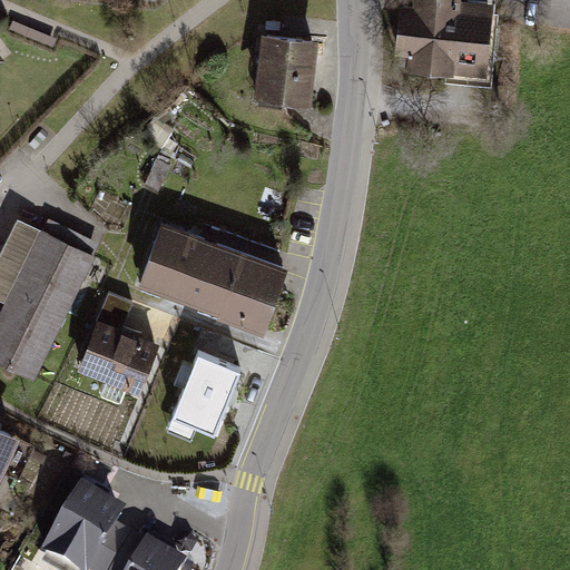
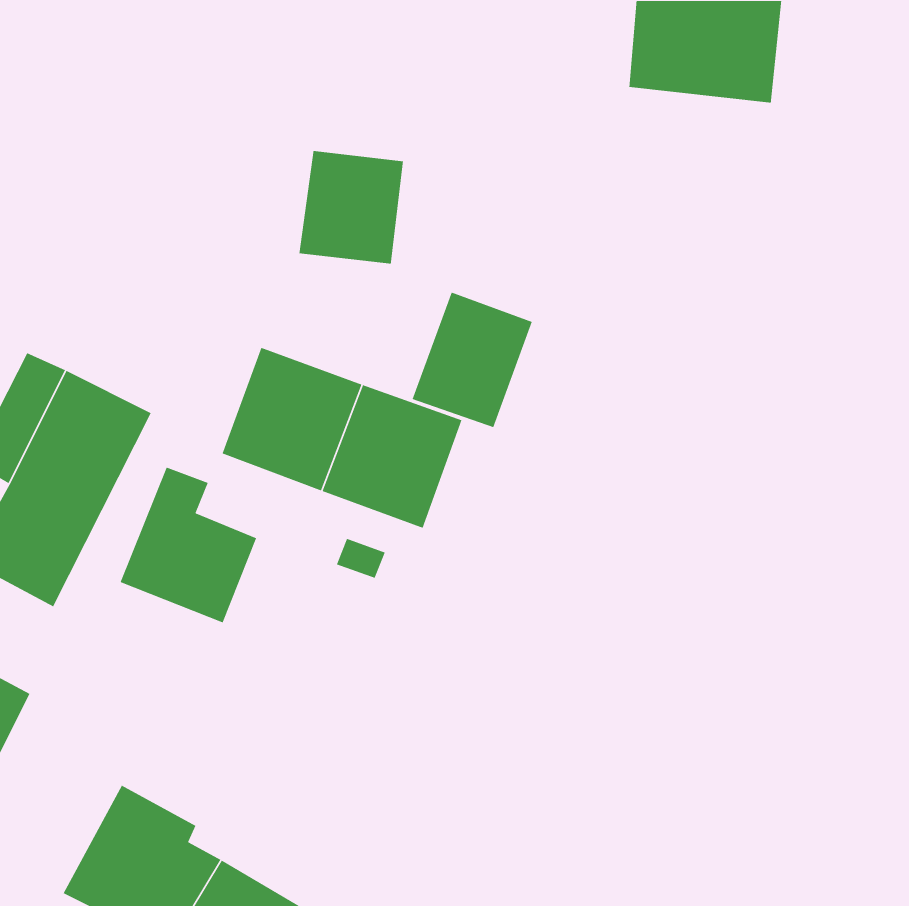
building: [252,31,317,102] -> [299,150,404,265]
building: none -> [411,291,533,428]
building: [171,361,242,434] -> none

